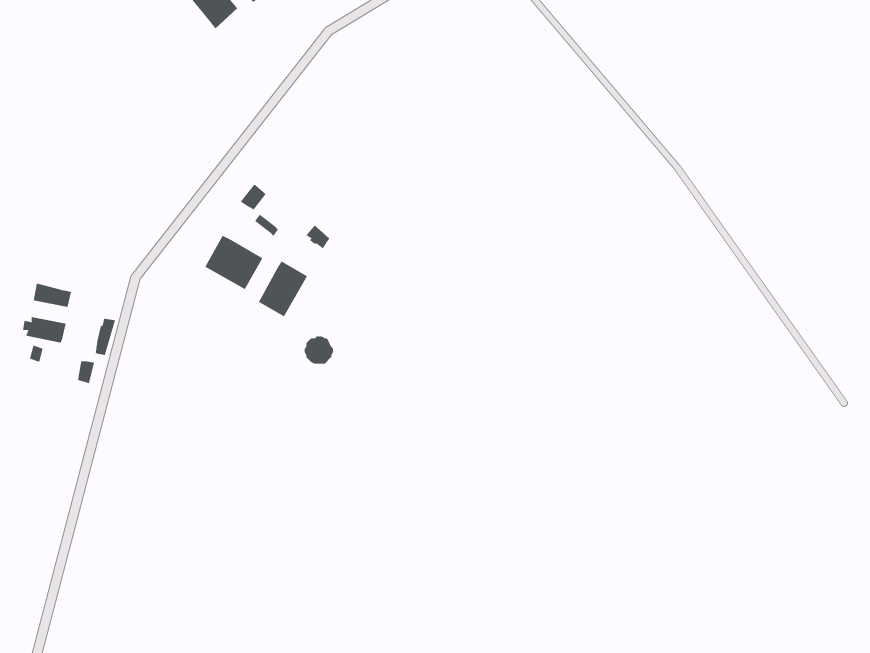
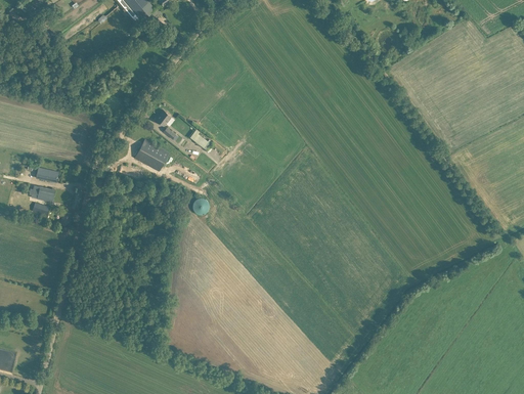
building: [258,261,308,317] -> none

